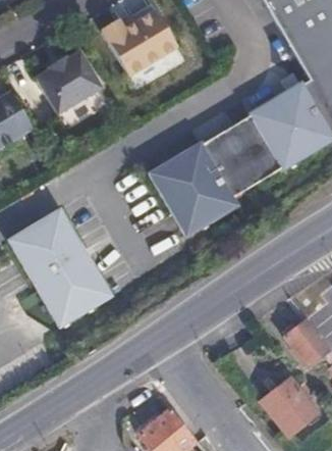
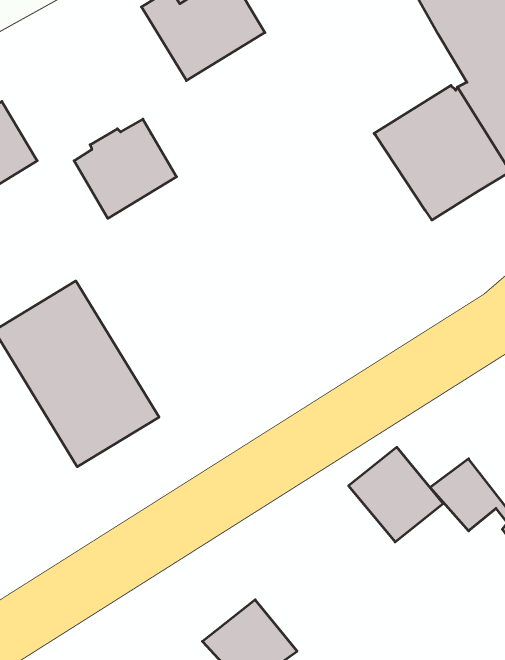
building: [36,54,101,117] -> [74,119,177,218]
building: [148,113,284,235] -> none
building: [260,379,320,439] -> [349,447,443,542]

